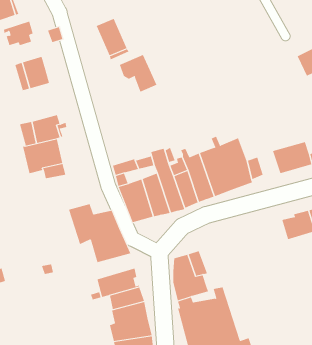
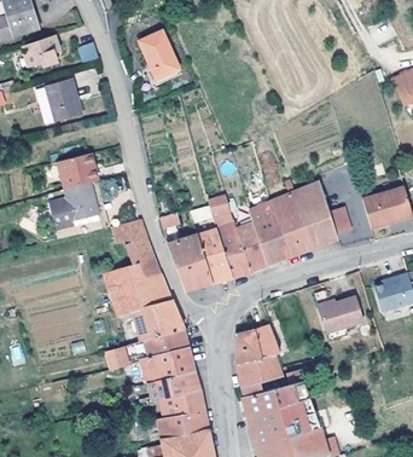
building: [119,54,157,92] -> none
building: none -> [112,218,159,278]
building: none -> [319,296,362,332]
building: none -> [105,328,188,368]

